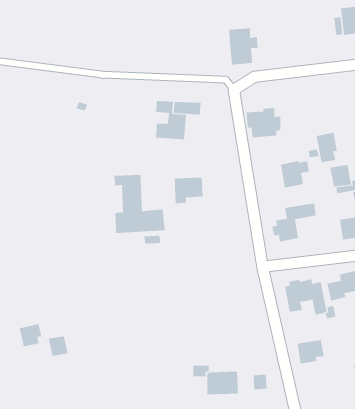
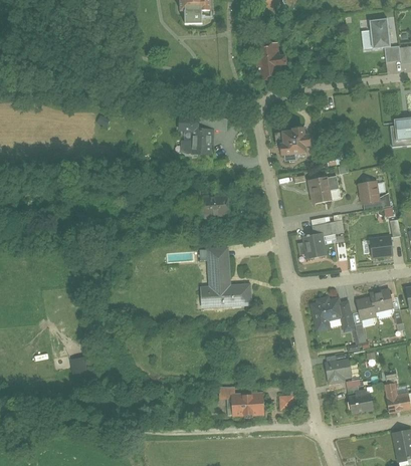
building: [316,132,337,163] -> none
building: [113,174,166,234] -> [200,246,253,306]
building: [19,323,42,347] -> none
building: none -> [347,390,372,413]

